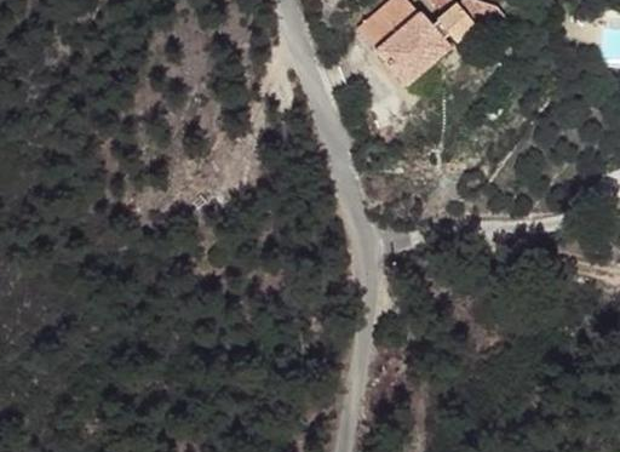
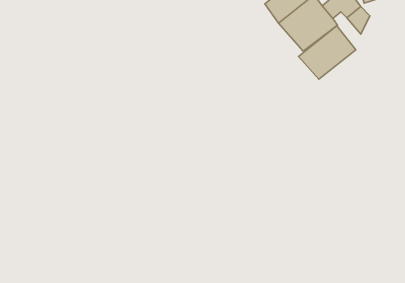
building: none -> [299,26,356,79]

